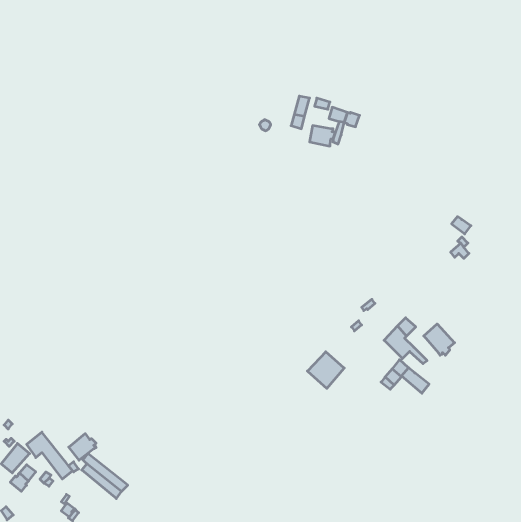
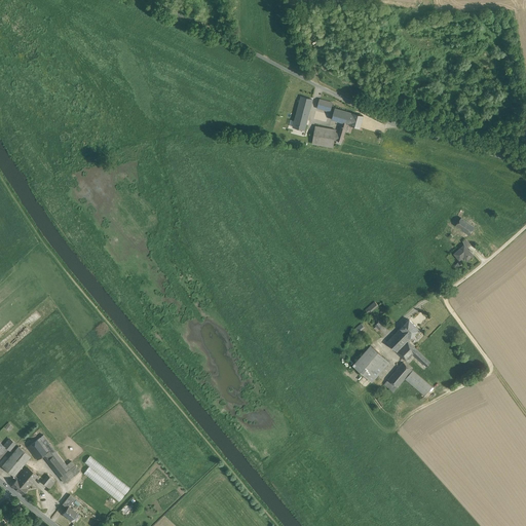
building: [424,324,455,355] -> none
building: [307,352,344,388] -> [351,345,388,382]
building: [69,434,96,460] -> none

